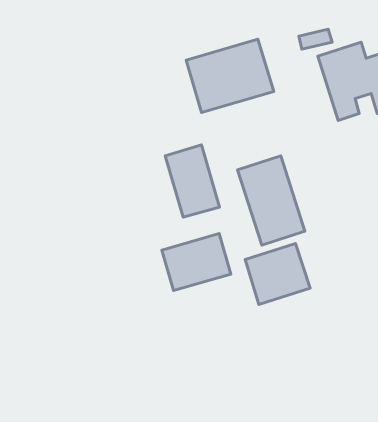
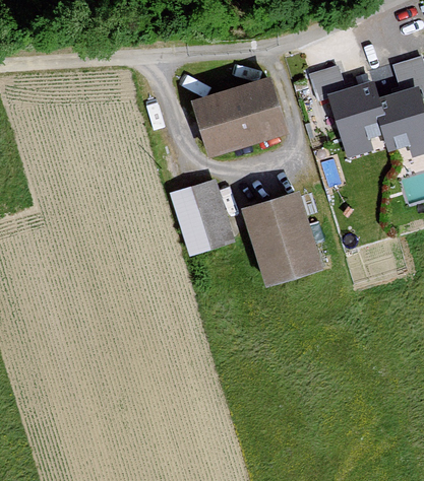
building: [162,234,231,291] -> none
building: [245,244,310,304] -> none

